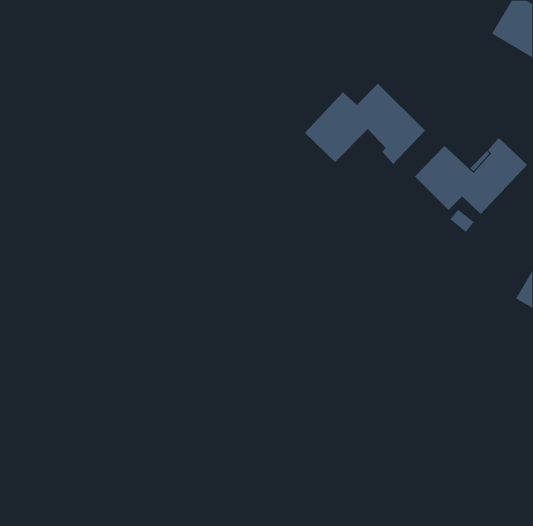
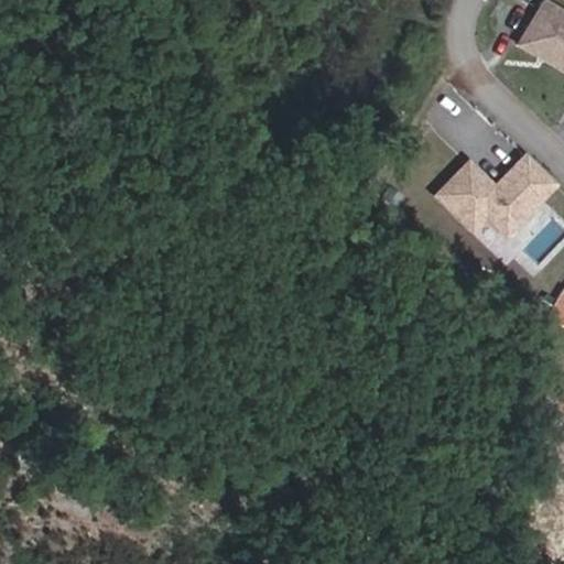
building: [304,83,426,165] -> none

